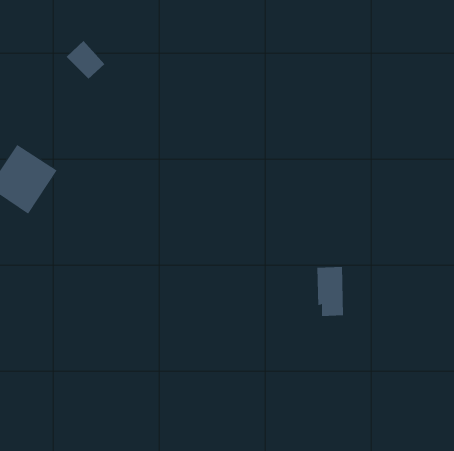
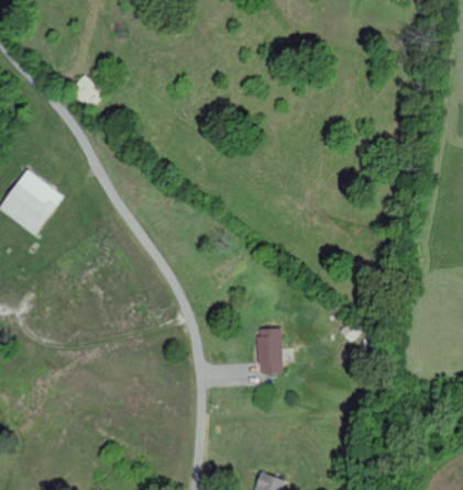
building: [316,266,344,317] -> [257,327,283,374]

